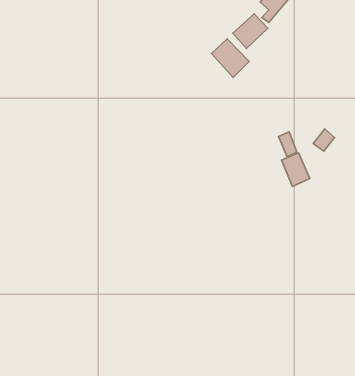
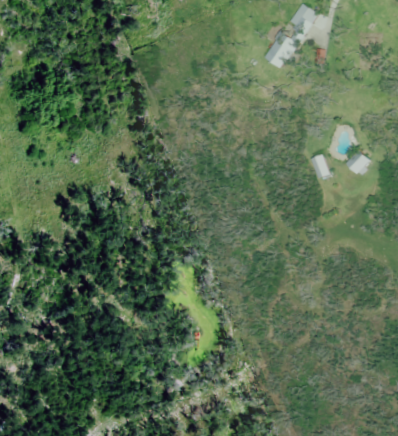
building: [211,39,249,77] -> none
building: [282,153,310,186] -> none

